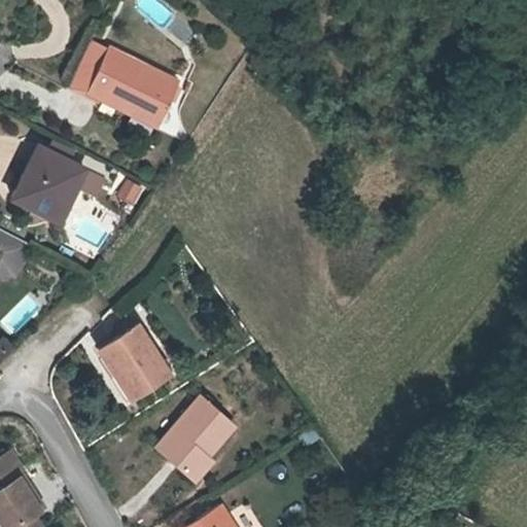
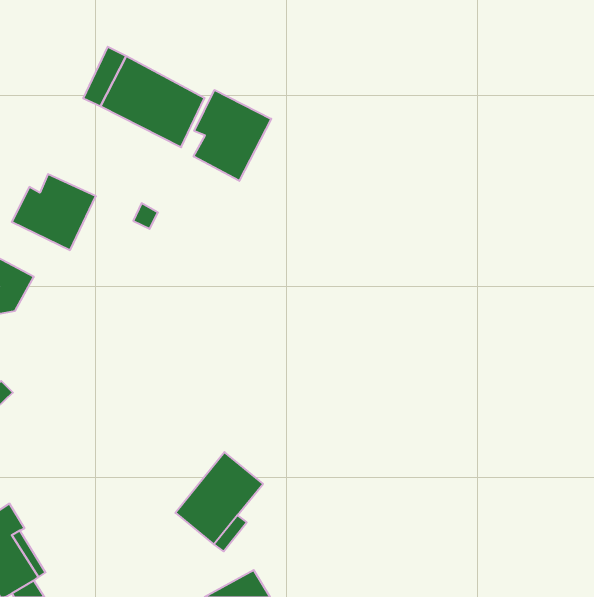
building: none -> [194,90,271,181]
building: [100,328,169,401] -> none

